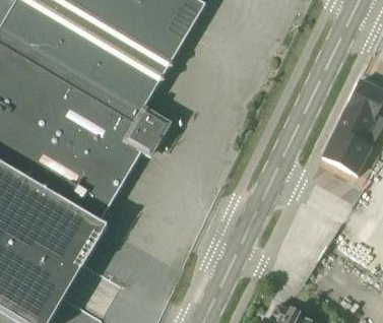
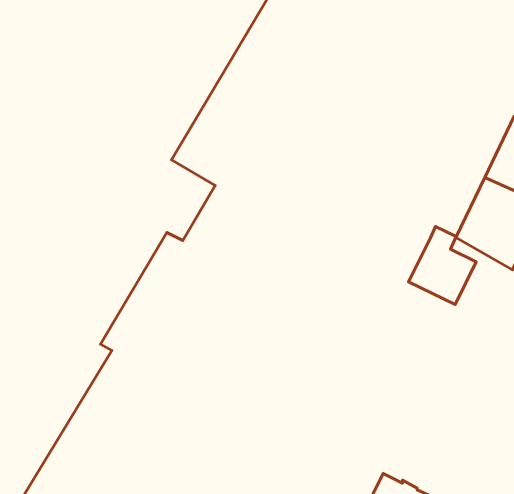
building: none -> [408,226,476,305]

